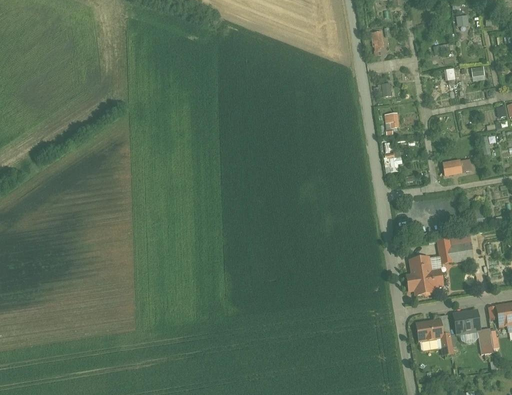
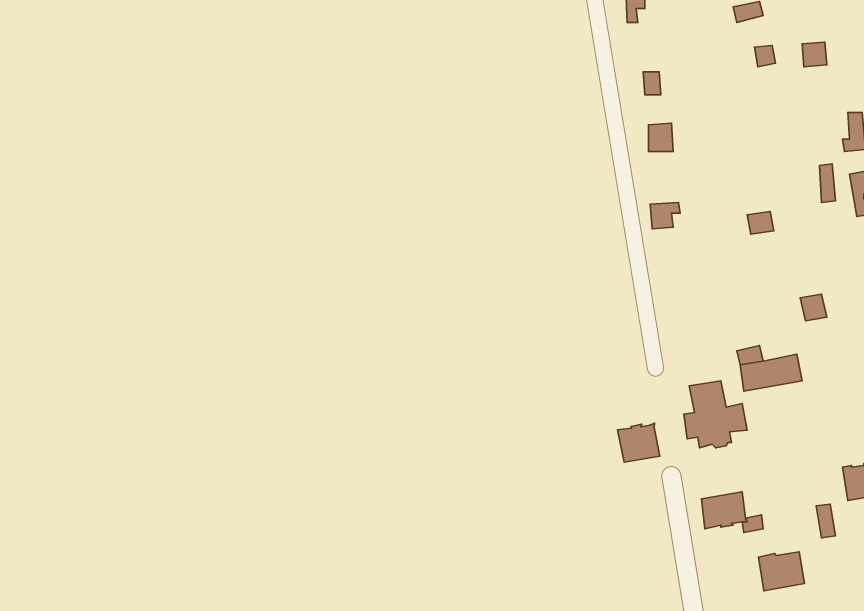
building: none -> [617,423,660,462]
building: [453,311,479,333] -> [759,552,804,591]

